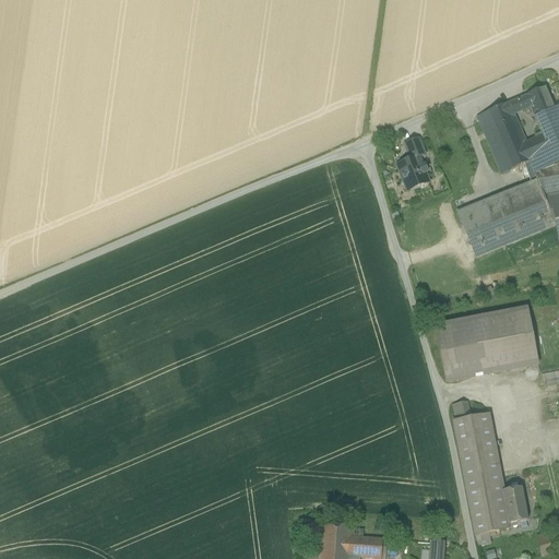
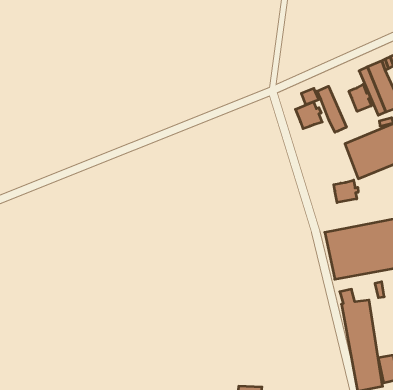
building: none -> [349,84,371,111]
building: none -> [317,86,346,132]
building: none -> [334,180,358,203]

